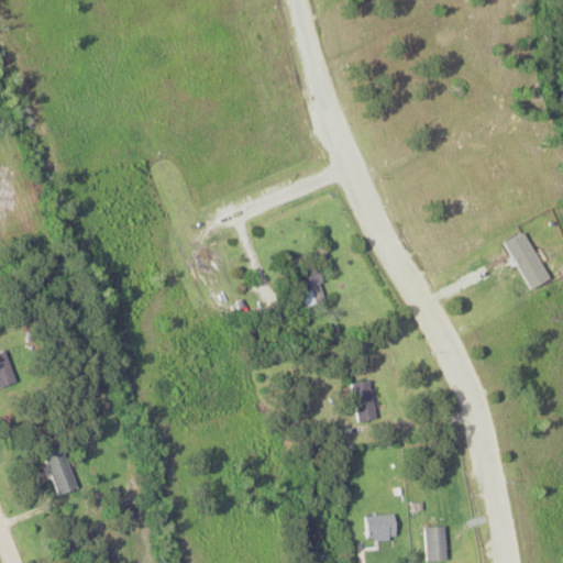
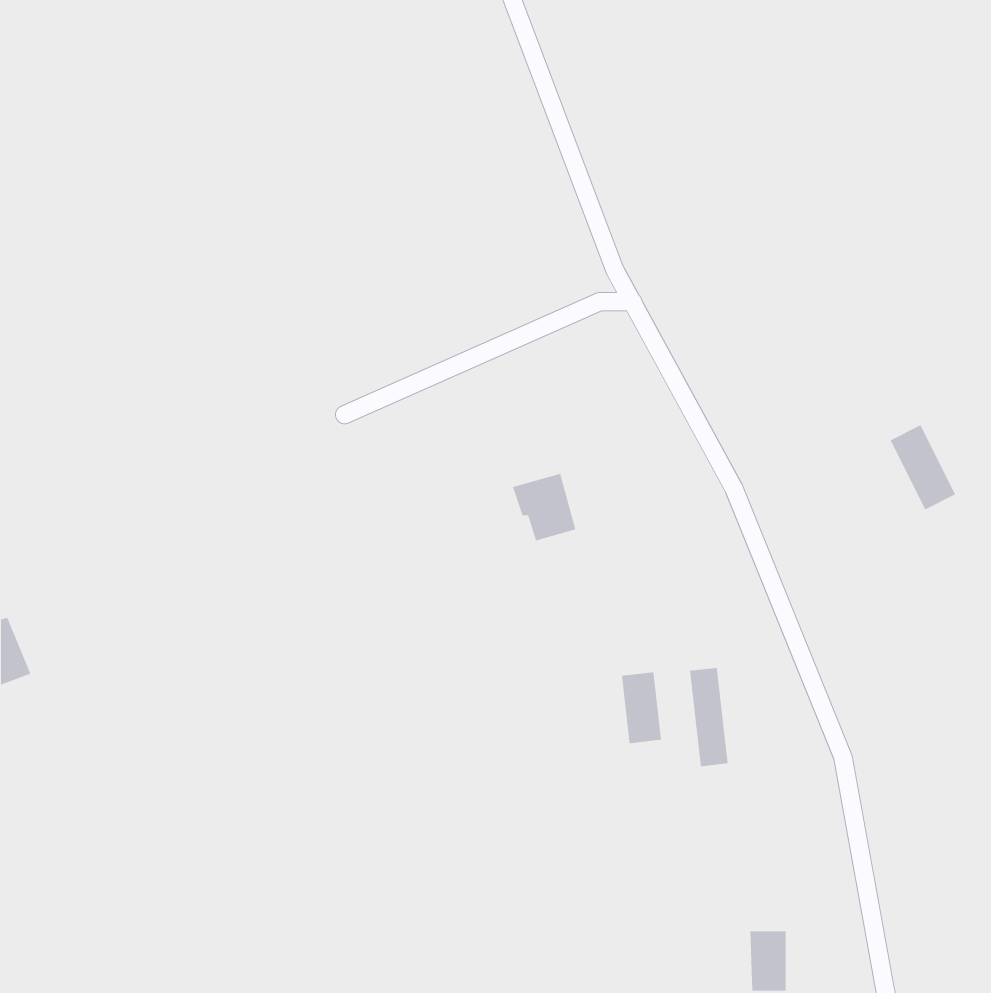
building: none -> [690,667,728,767]
building: [42,445,77,495] -> none
building: [366,515,396,539] -> none

